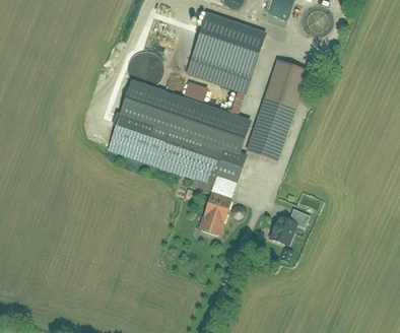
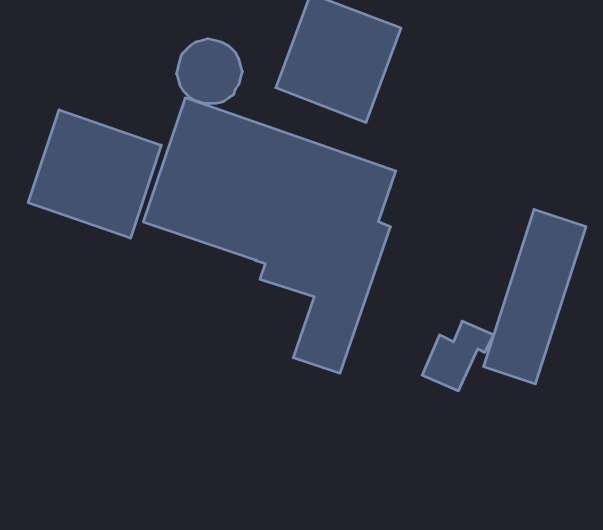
building: [248,57,308,158] -> [483,209,586,384]
building: none -> [28,110,161,238]

